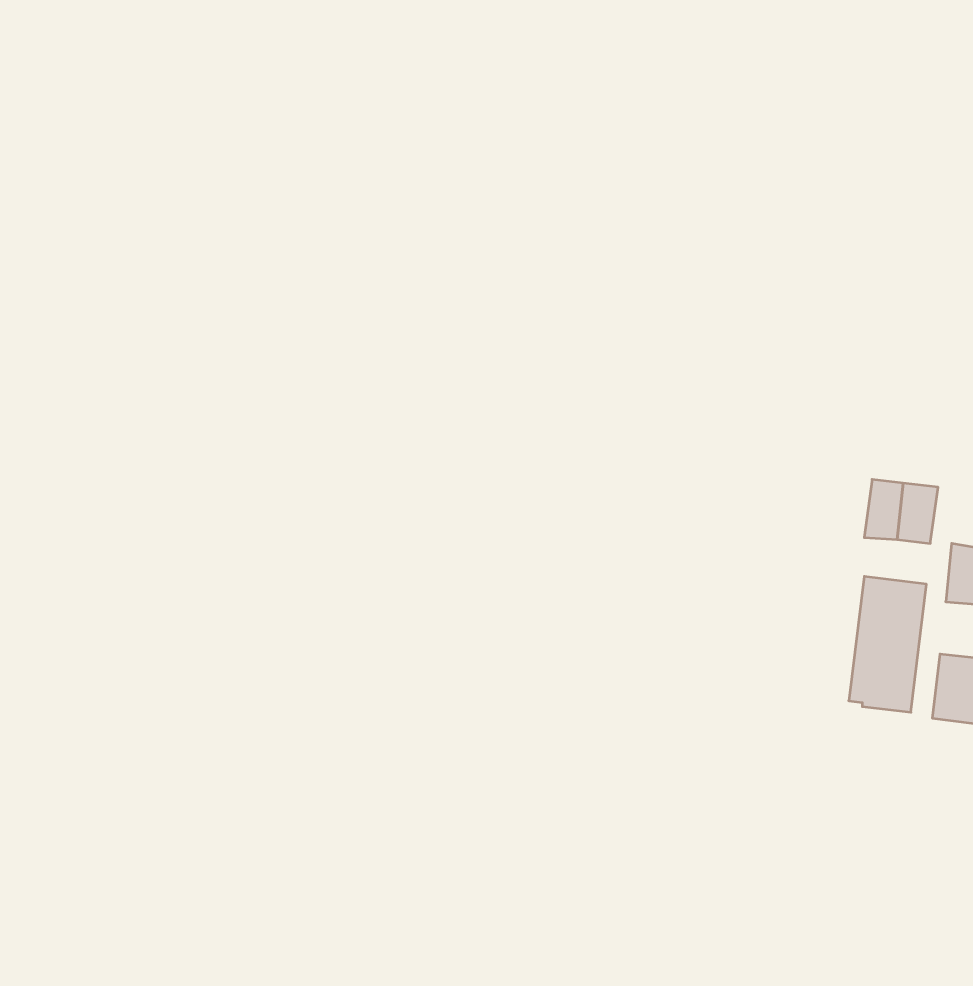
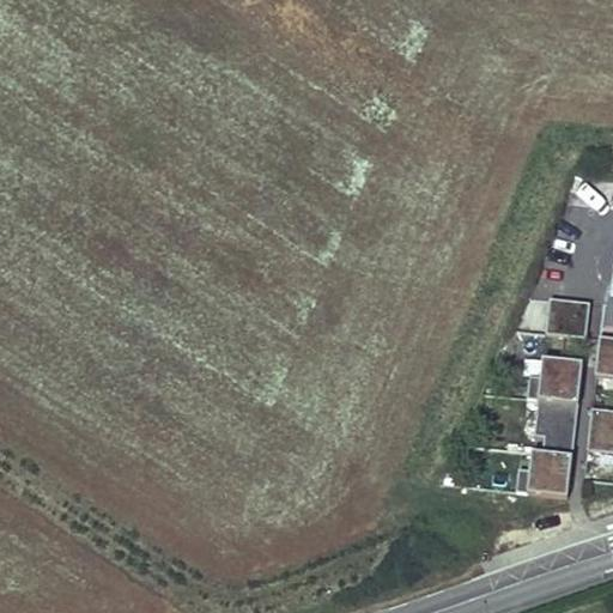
building: none -> [528,436,573,496]

